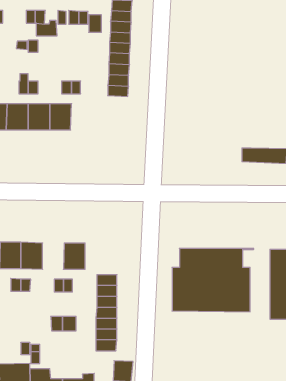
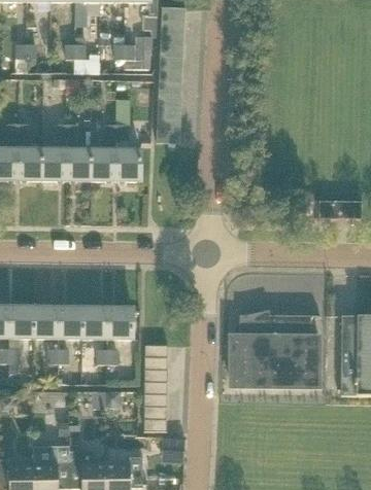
building: none -> [114,148,139,178]
building: none -> [82,307,107,337]

